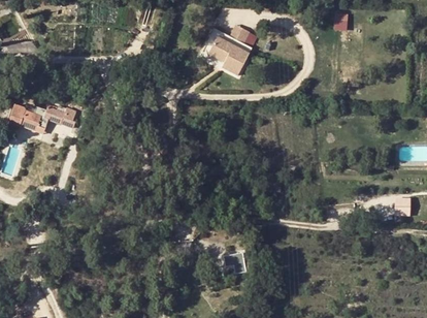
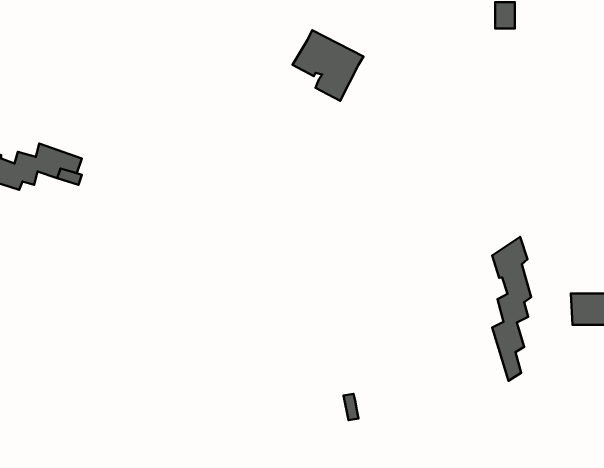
building: none -> [492,237,531,381]

